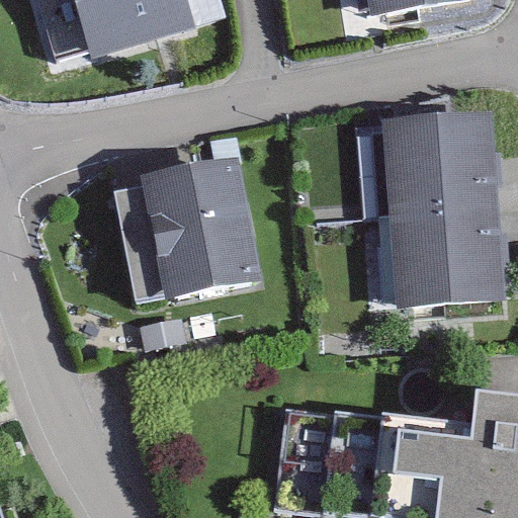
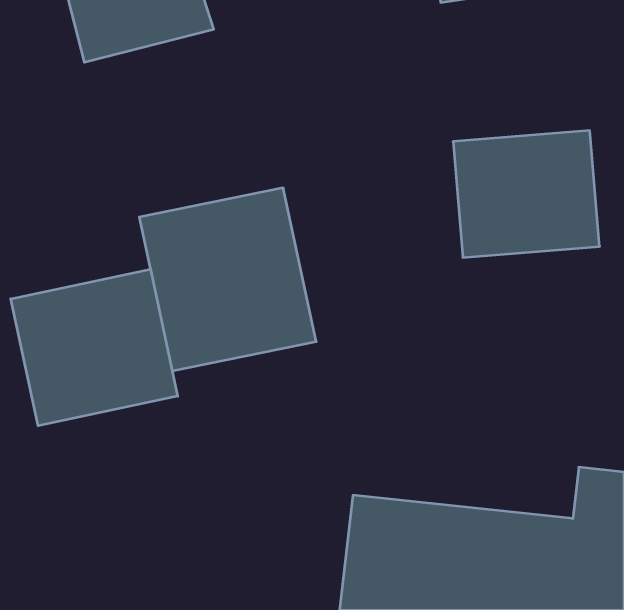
building: [383,204,504,309] -> none
building: none -> [11,269,178,426]

